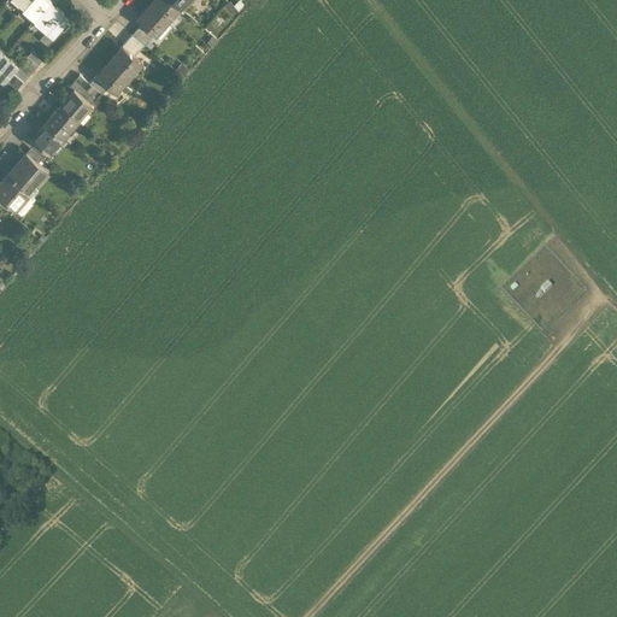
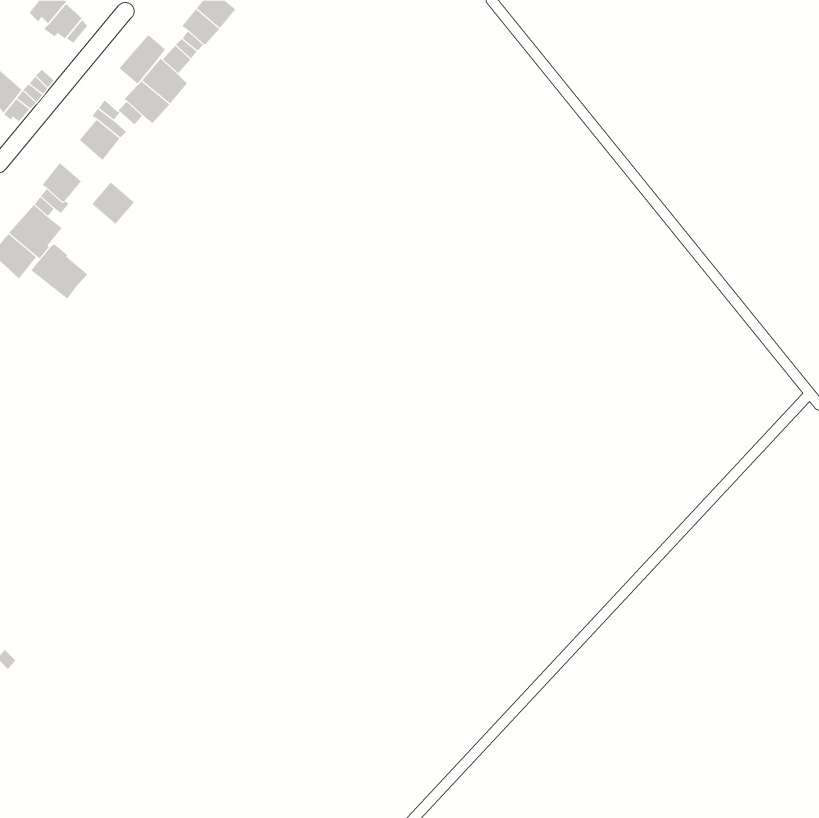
building: none -> [119,34,166,85]
building: [45,107,77,140] -> [91,181,135,225]
building: none -> [31,244,88,299]

